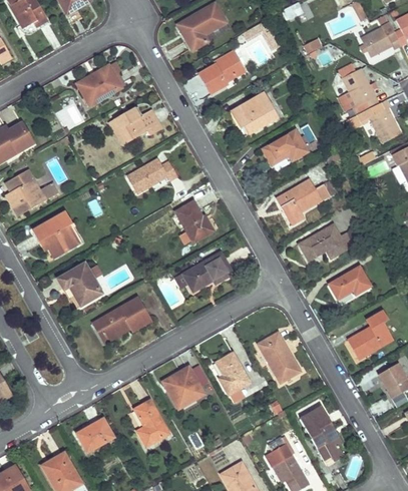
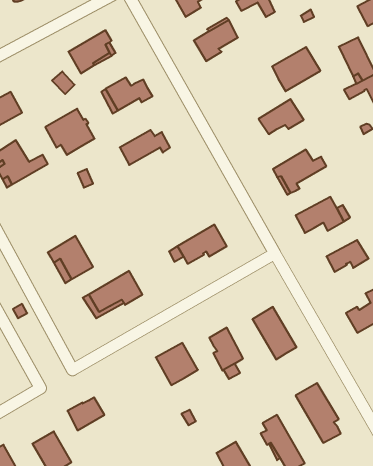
building: [231,92,278,135] -> [272,47,320,91]
building: [176,201,219,241] -> none
building: [34,211,82,257] -> [45,109,95,155]
building: [134,400,169,446] -> none

